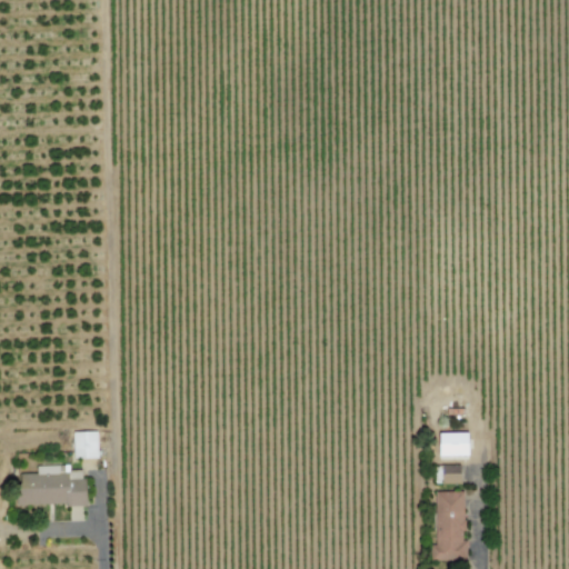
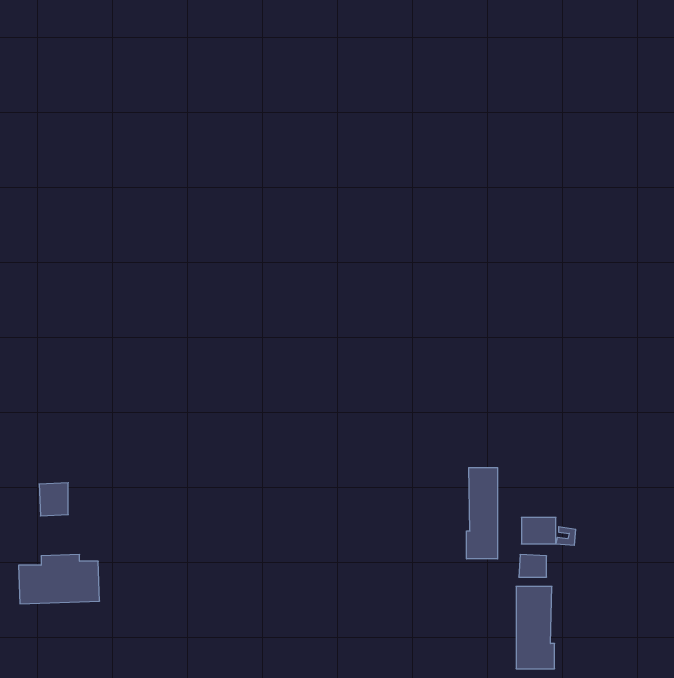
building: none -> [467,468,498,559]
building: [74,431,99,459] -> [39,483,68,516]

